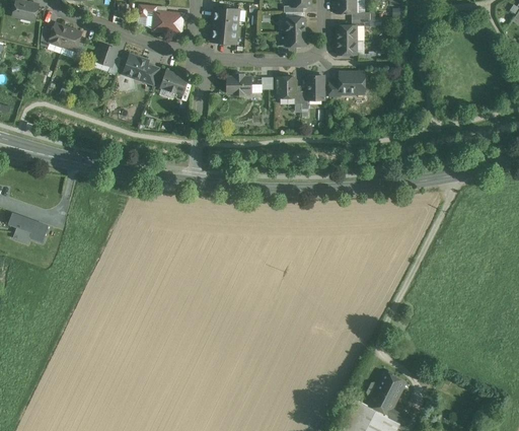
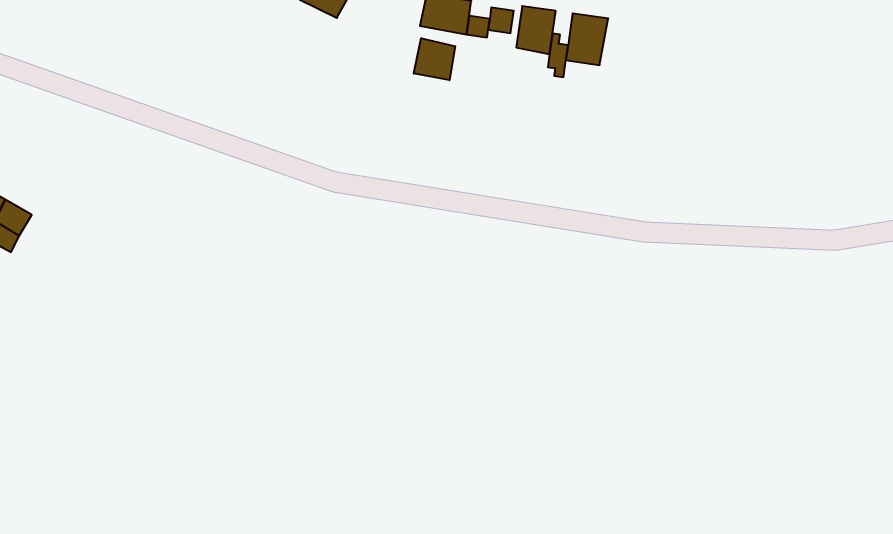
building: [329,70,365,94] -> none
building: none -> [414,38,455,80]

